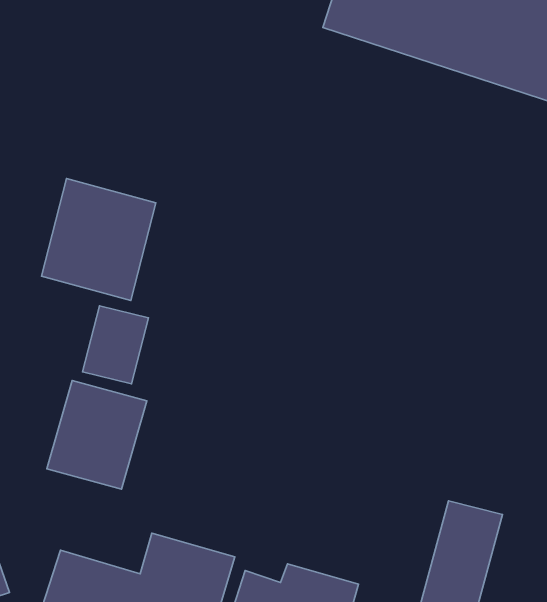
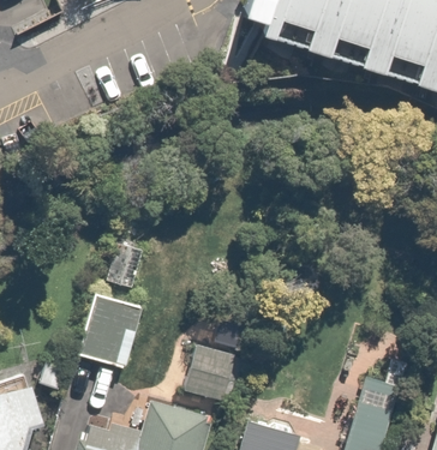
building: [41,179,156,300] -> none
building: none -> [180,335,251,403]

